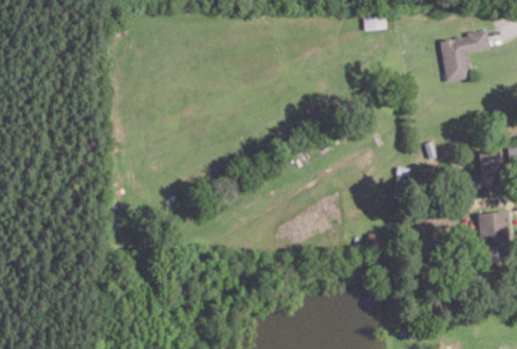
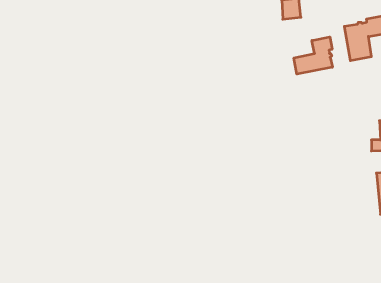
building: none -> [294,37,332,74]

